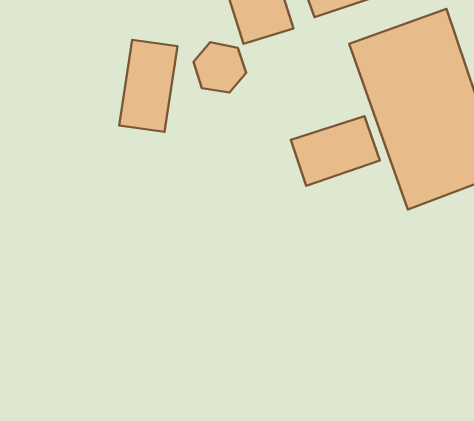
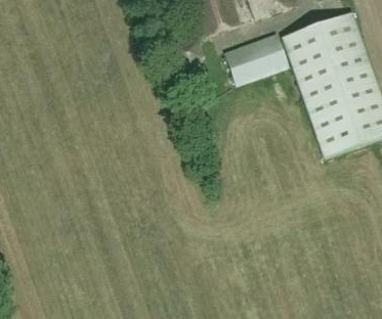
building: [119,40,177,132] -> none
building: [291,116,380,186] -> [223,35,289,86]

